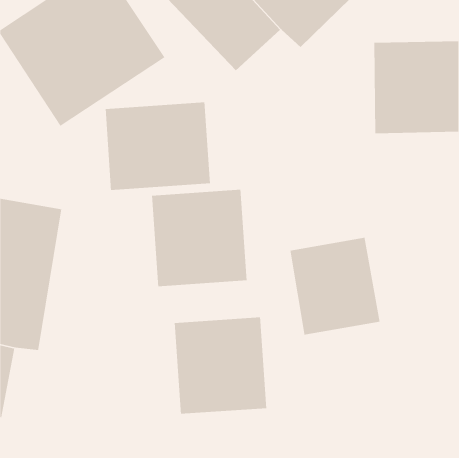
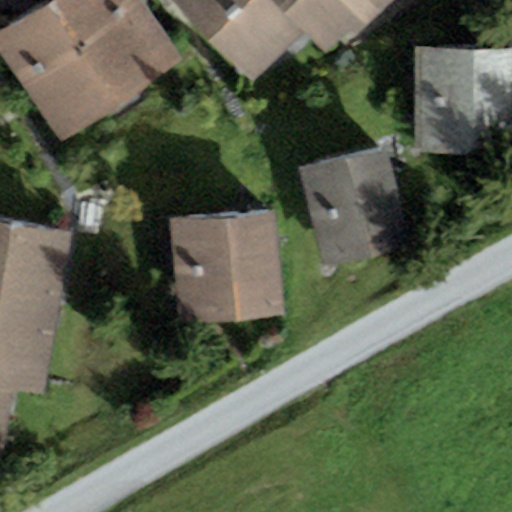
building: [105,102,211,191] -> none
building: [289,237,380,336] -> [302,152,403,262]
building: [174,317,267,415] -> none

